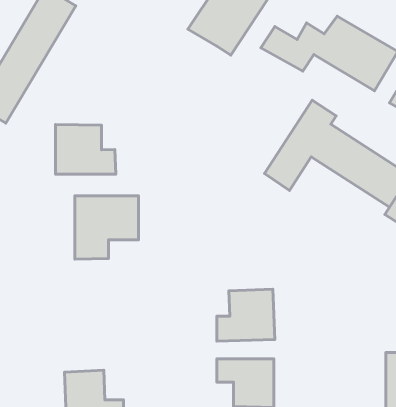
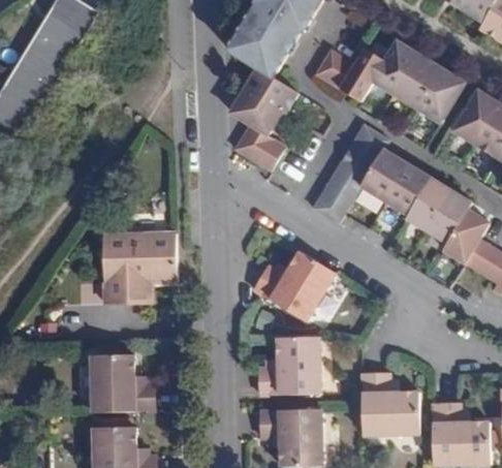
building: none -> [228,65,296,170]
building: [55,125,116,174] -> none
building: none -> [251,247,338,322]
building: none -> [90,356,154,413]
building: none -> [356,380,417,438]

